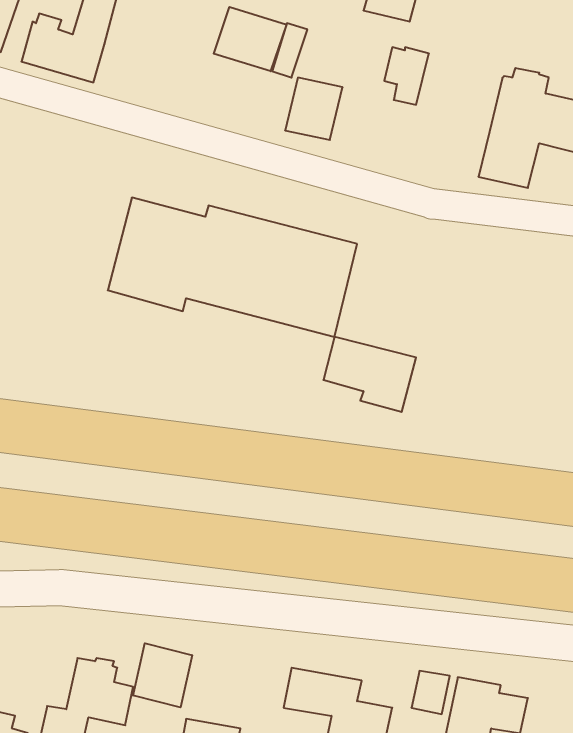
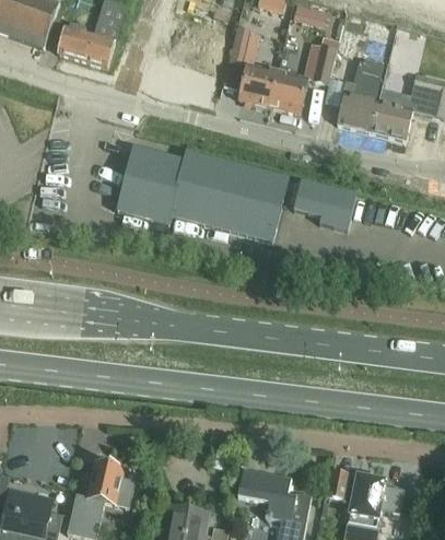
building: [214,7,286,71] -> none
building: none -> [337,59,387,132]
building: none -> [269,71,308,115]
building: [323,337,416,412] -> [293,179,356,231]
building: [133,643,192,707] -> none

